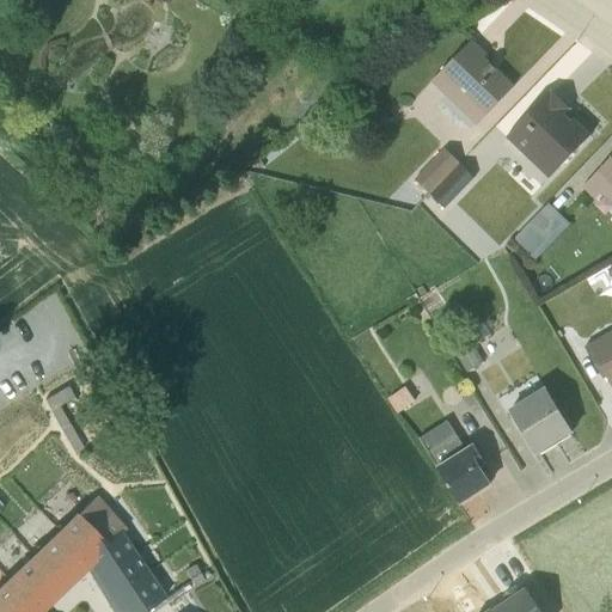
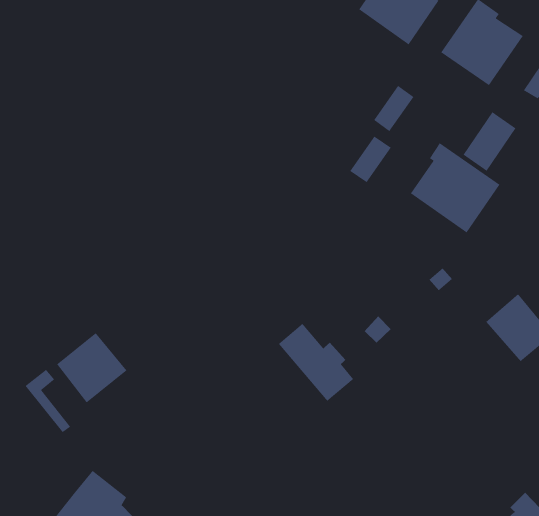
building: [414,148,459,194] -> [349,136,392,183]
building: none -> [410,142,500,233]
building: none -> [56,332,128,403]
building: [420,421,489,502] -> [278,323,354,402]

